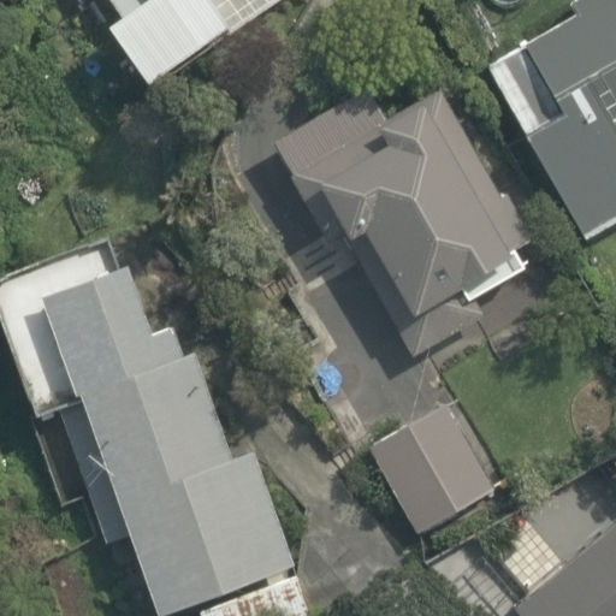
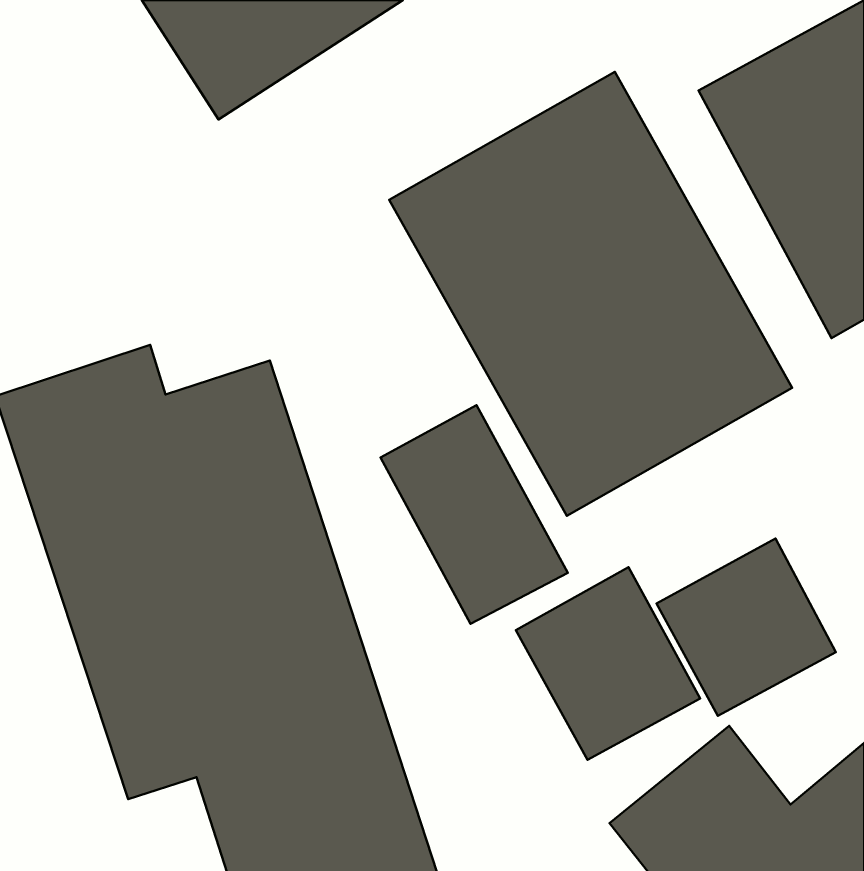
building: none -> [381,405,568,624]
building: none -> [657,539,836,716]

